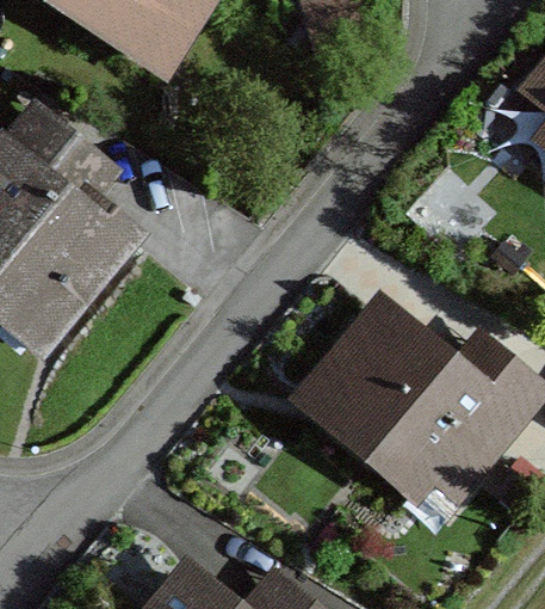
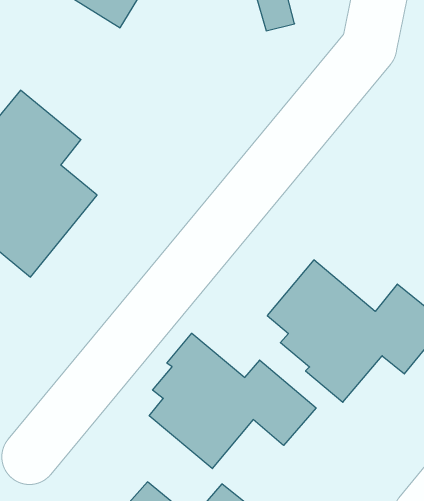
building: none -> [149,333,316,469]

